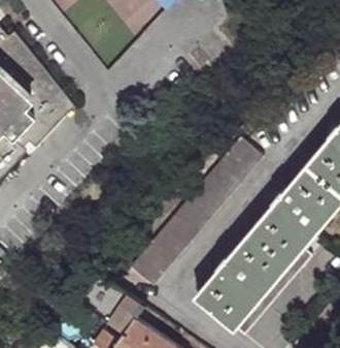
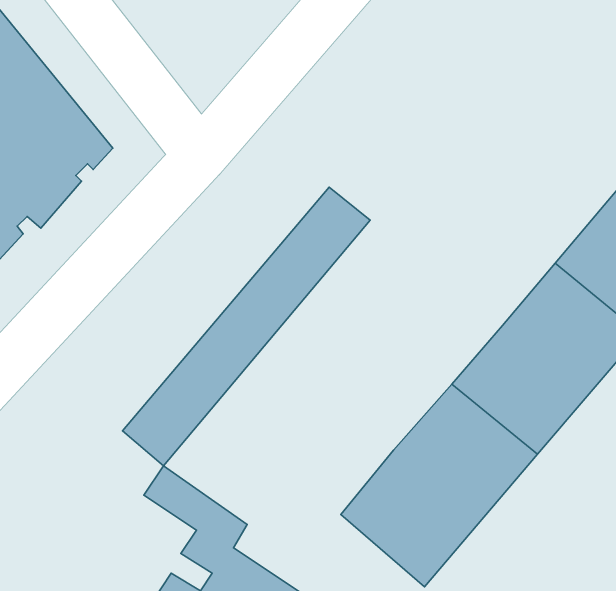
building: [132,139,263,287] -> [123,187,370,466]

